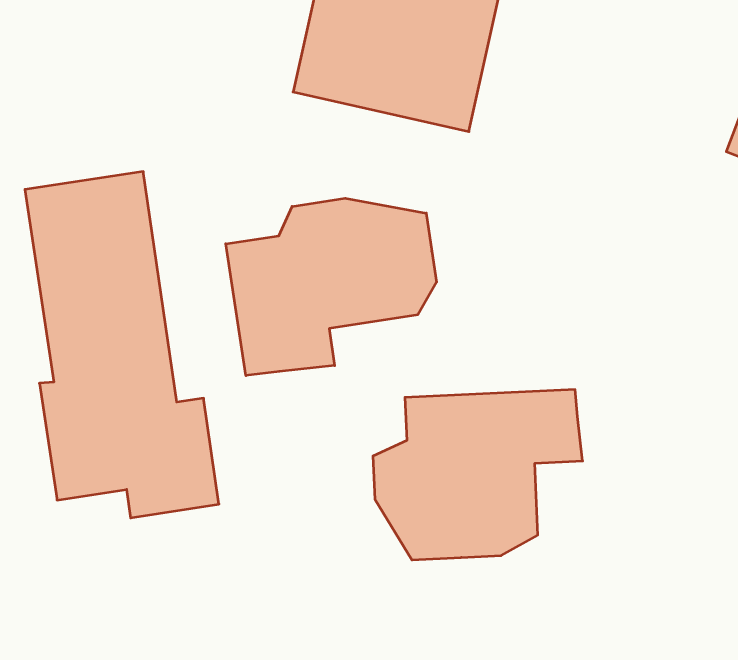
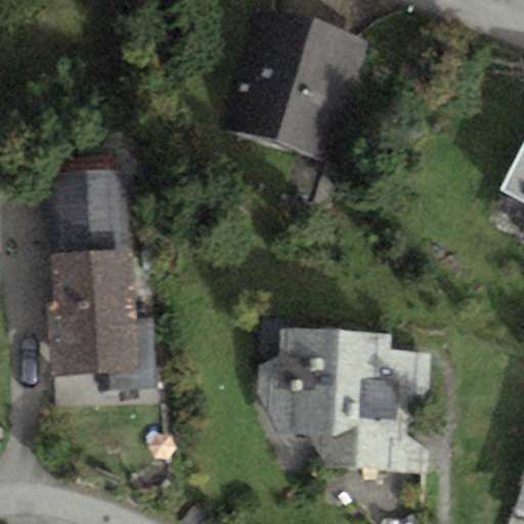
building: [226,198,437,376] -> none
building: none -> [309,350,432,469]

